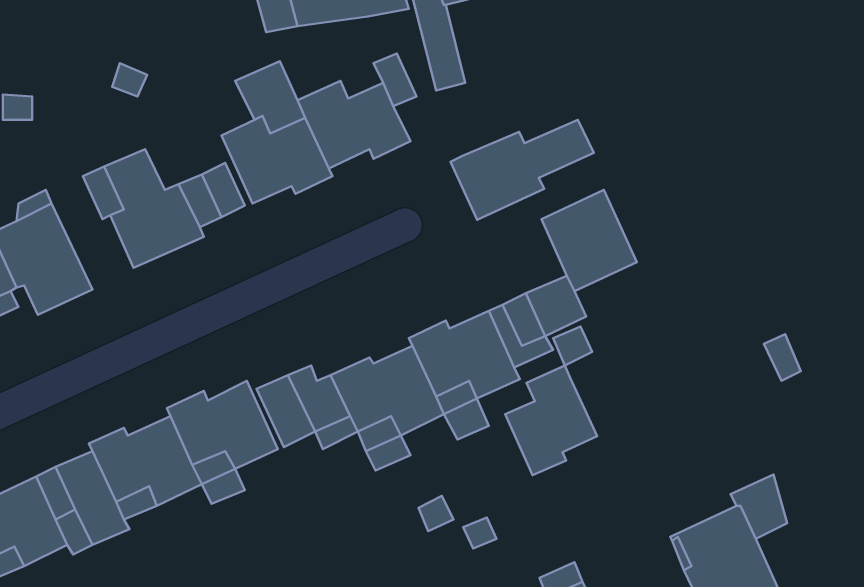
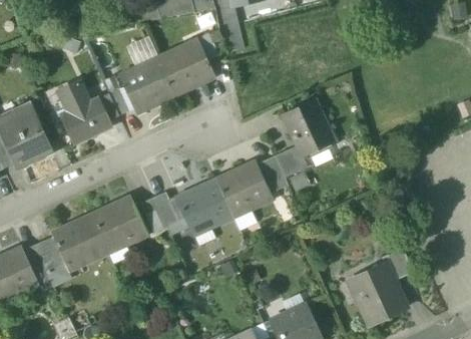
building: [451,120,594,220] -> none
building: [505,365,597,475] -> none

